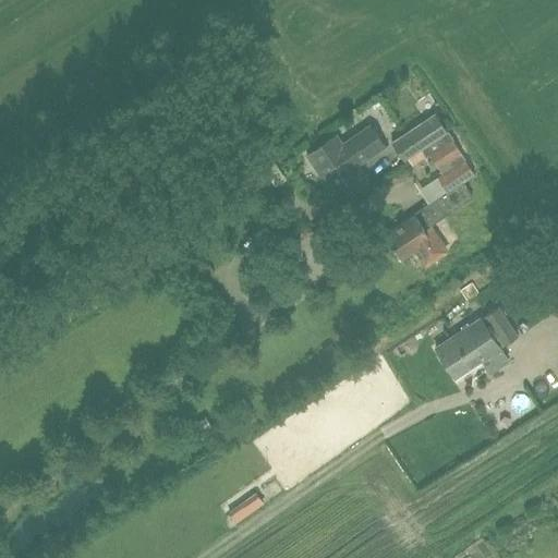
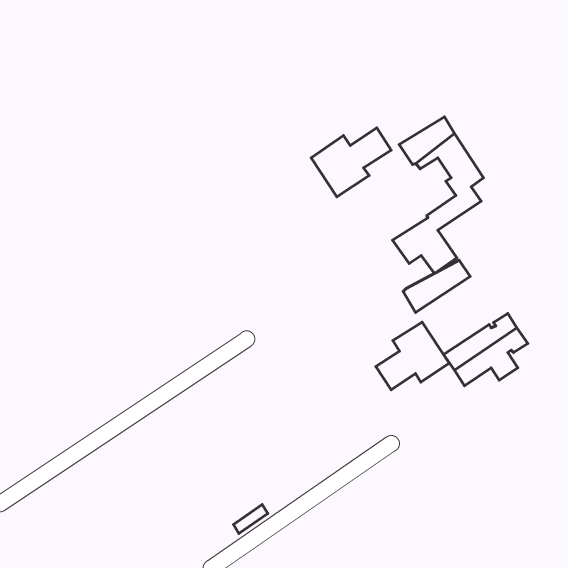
building: none -> [403,260,470,313]
building: none -> [376,322,449,390]

